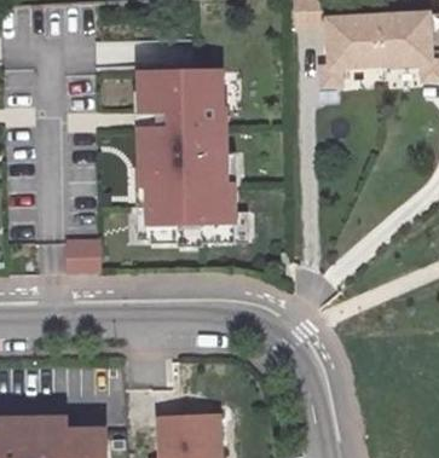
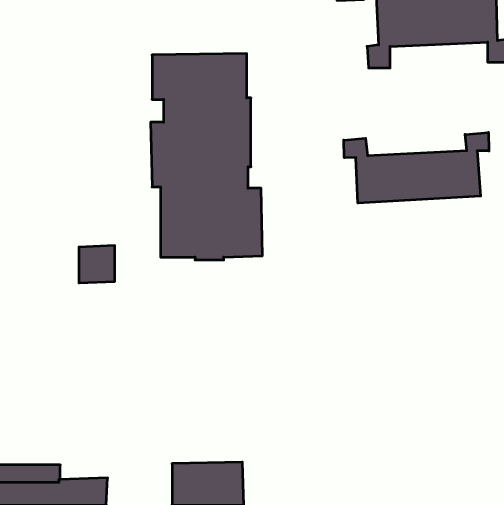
building: none -> [344,132,489,203]

